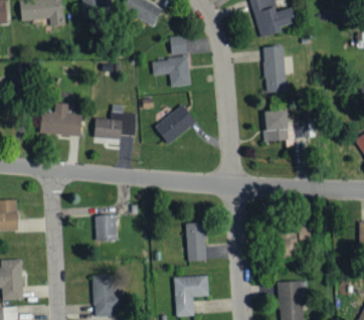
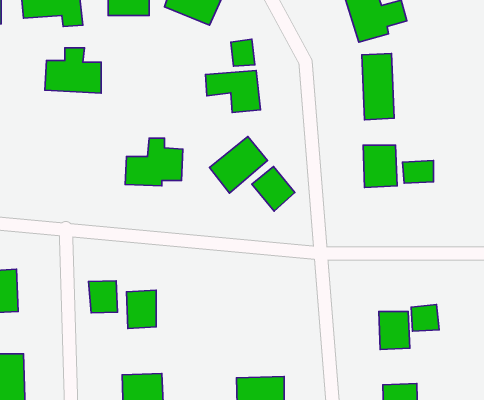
building: [41,104,81,136] -> [45,48,101,93]
building: none -> [252,167,295,211]
building: none -> [89,281,117,313]
building: [186,222,205,261] -> none

